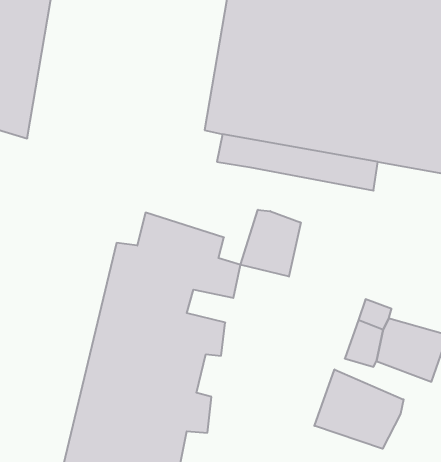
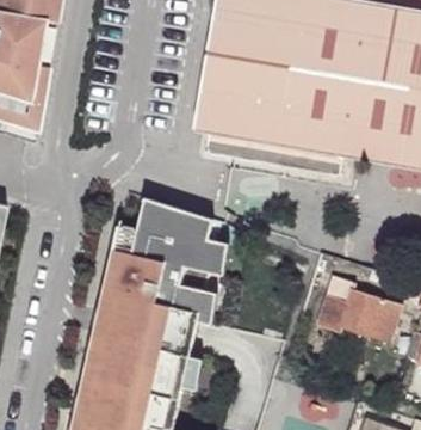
building: [240,210,301,277] -> none
building: [314,369,404,449] -> none

